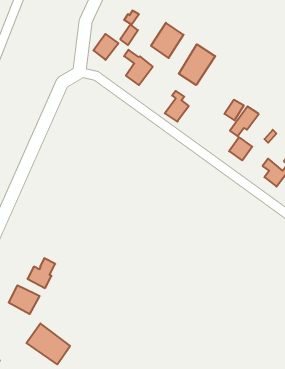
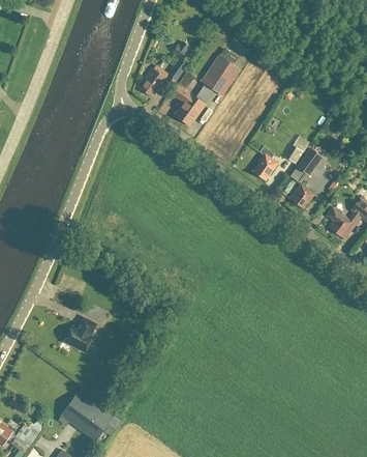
building: [179,44,215,85] -> none
building: [165,91,189,122] -> [251,146,278,180]
building: [9,285,40,314] -> none

